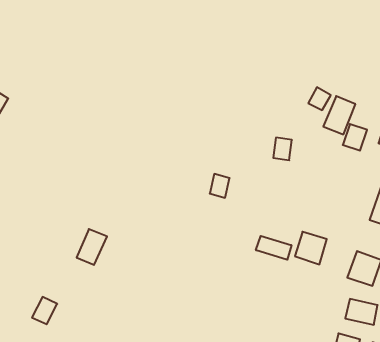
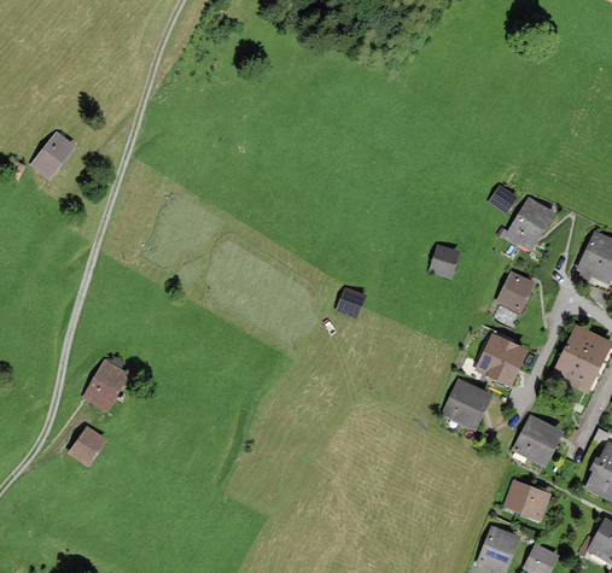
building: [343,124,367,151] -> [496,271,532,310]
building: none -> [474,332,529,386]
building: [77,229,107,265] -> [83,358,129,409]
building: [256,236,291,260] -> none

